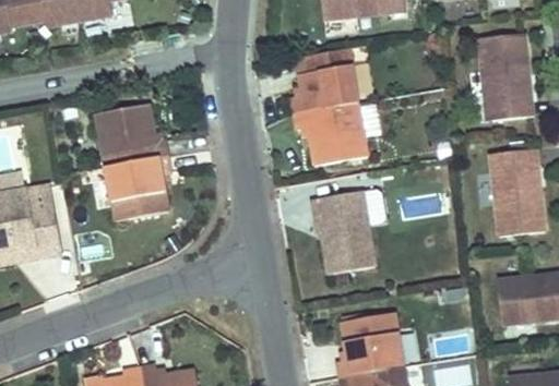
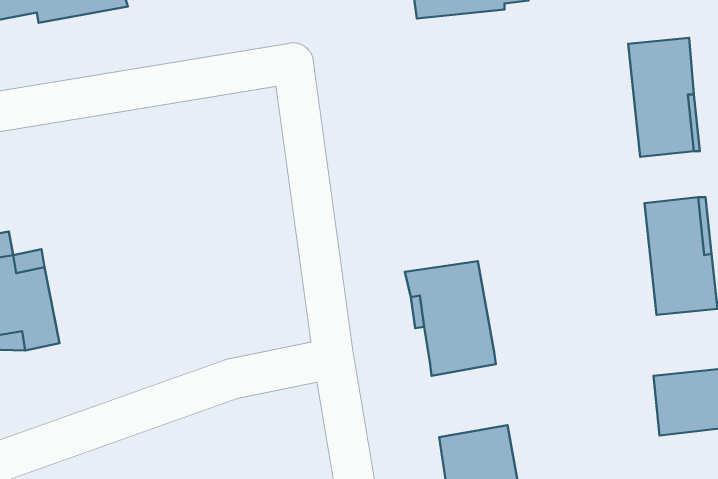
building: [293,46,368,162] -> none
building: [97,105,175,206] -> none

